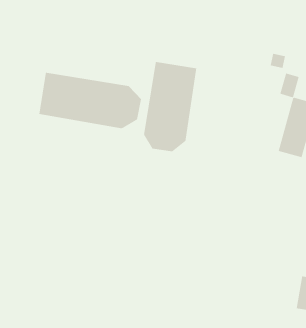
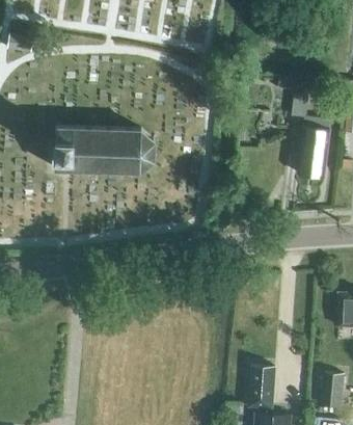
building: [144,61,197,152] -> none

